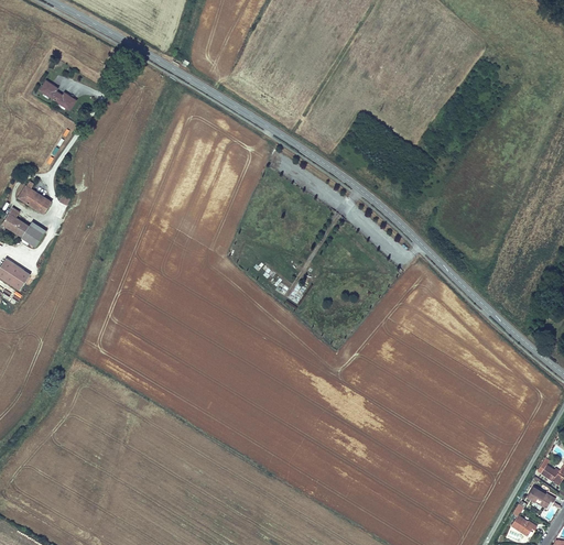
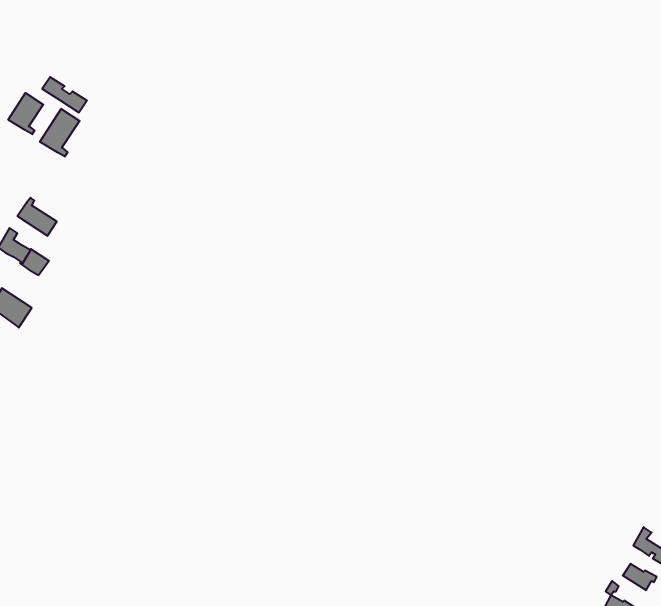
building: none -> [8,93,43,134]
building: none -> [40,109,80,157]

